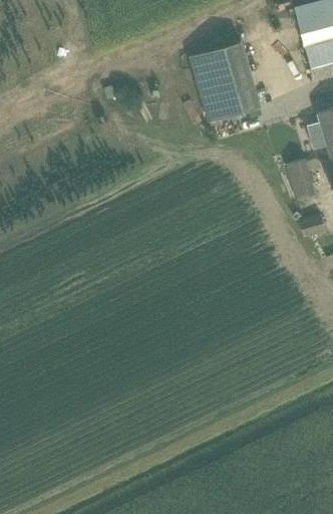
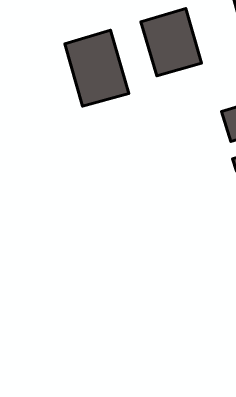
building: none -> [65,30,129,106]

